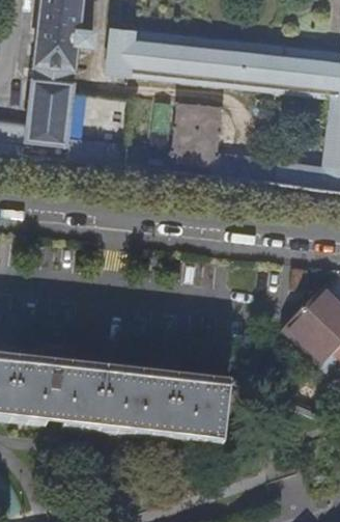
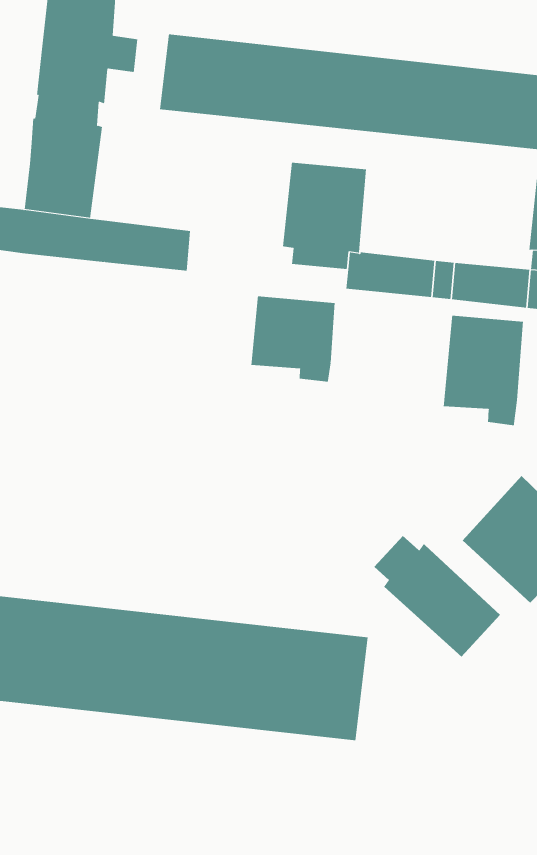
building: none -> [251,295,335,383]
building: none -> [443,315,523,426]
building: none -> [374,535,501,658]

